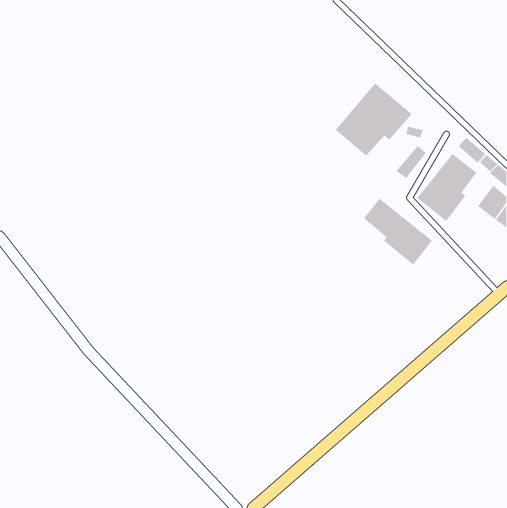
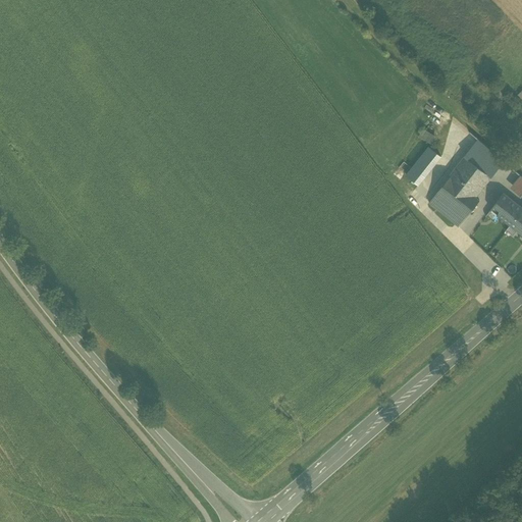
building: [335,82,413,156] -> none
building: [363,198,433,265] -> none

